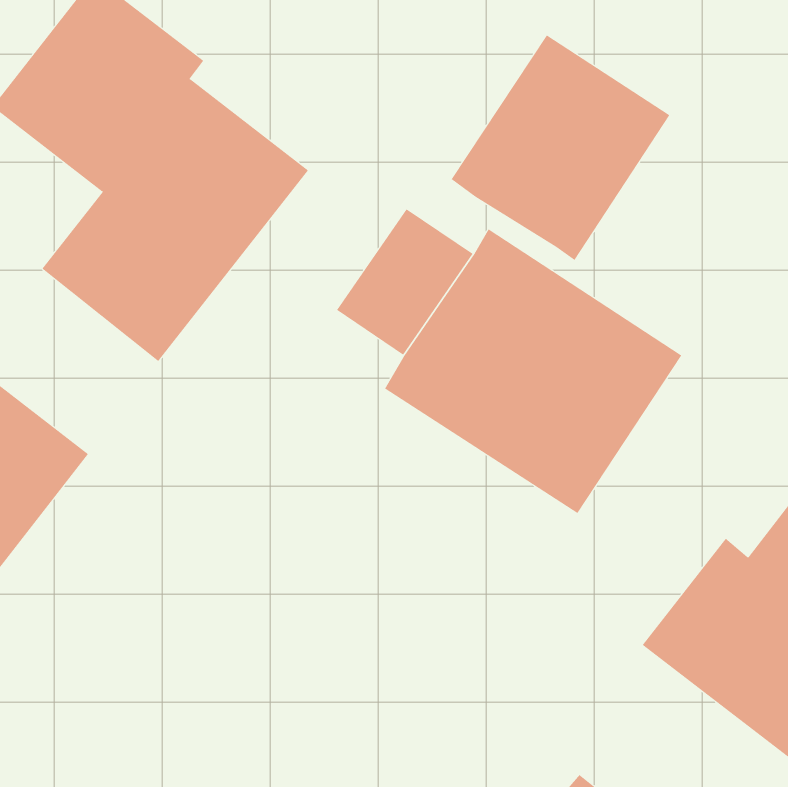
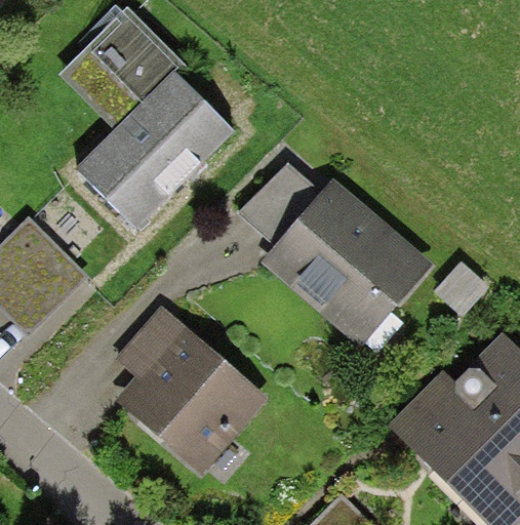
building: [451,35,670,261] -> none
building: none -> [114,306,269,475]

